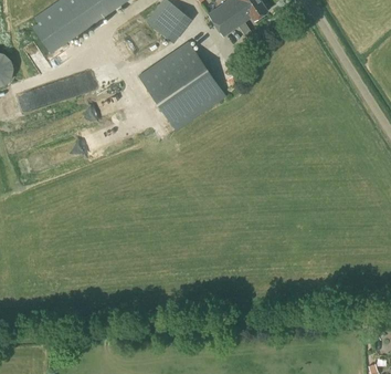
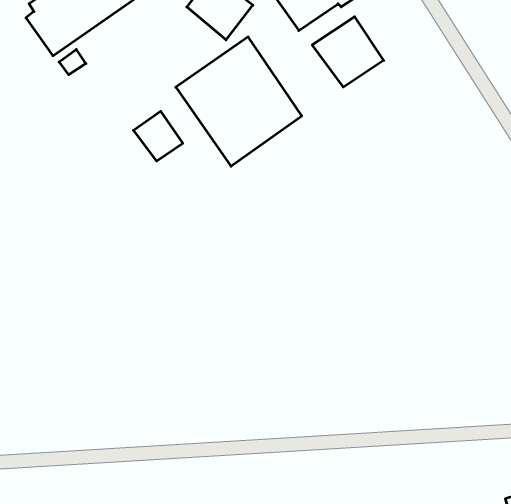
building: none -> [312,17,384,87]
building: none -> [133,111,183,161]

